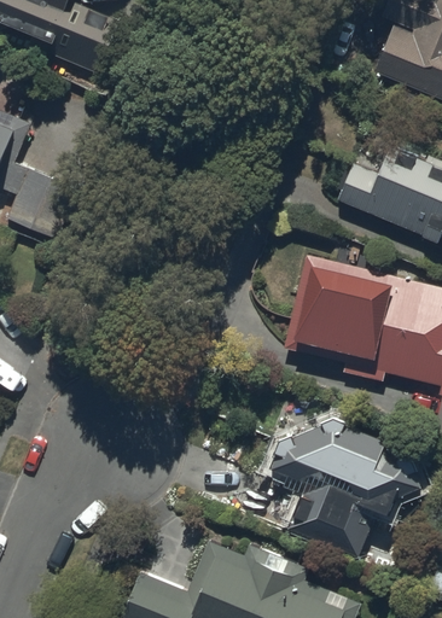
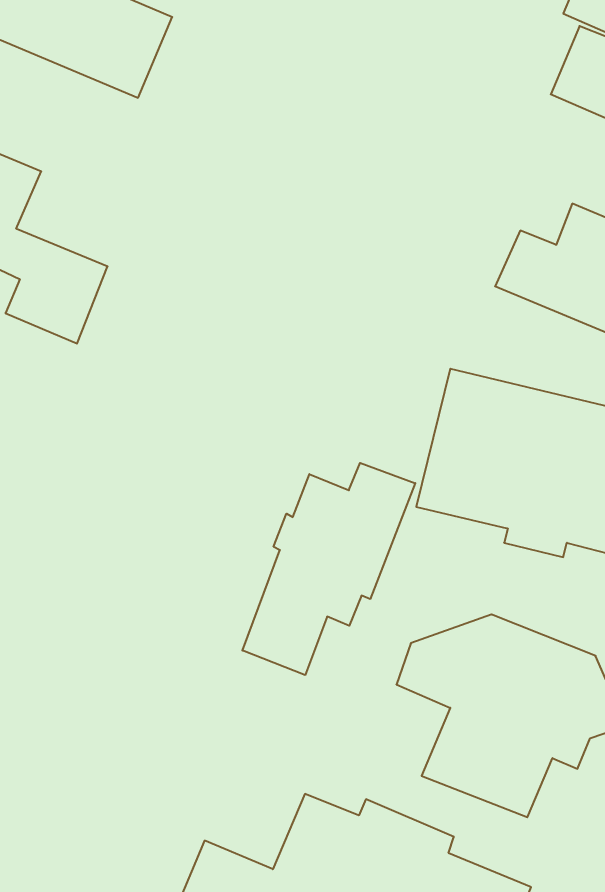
building: none -> [242,463,415,675]

